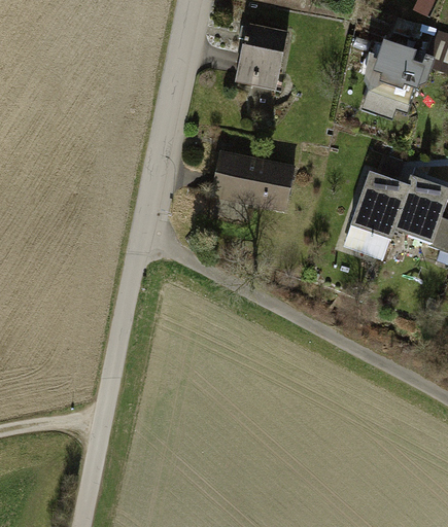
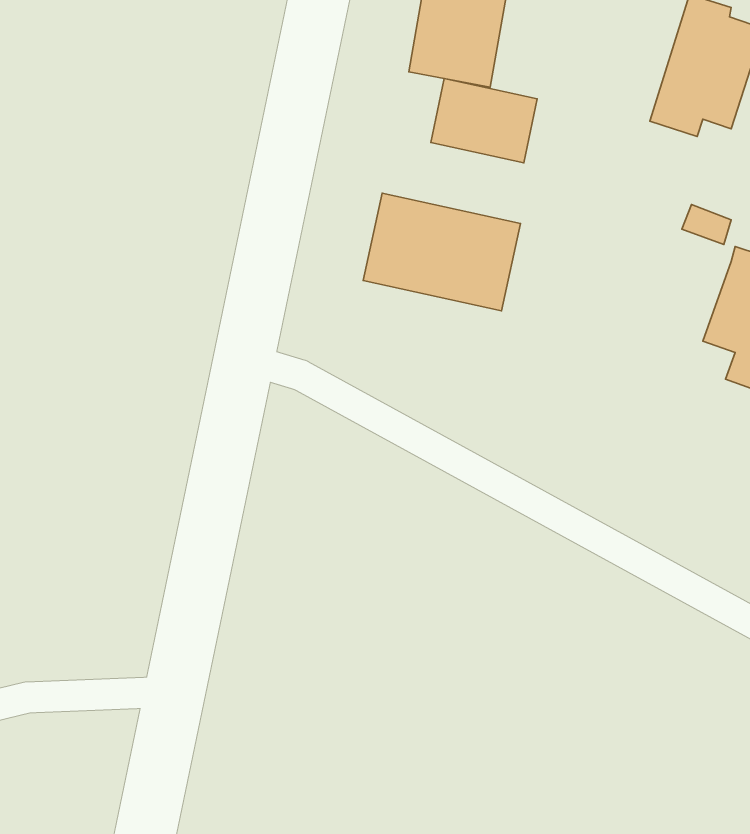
building: none -> [431,79,537,163]
building: [342,171,410,260] -> none

